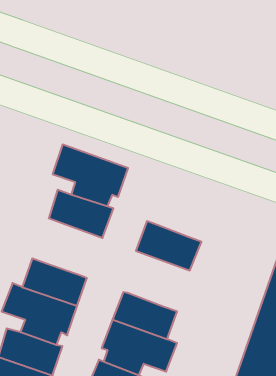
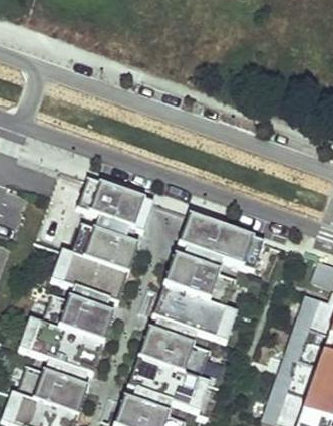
building: none -> [179,215,256,273]
building: none -> [53,251,129,313]
building: none -> [153,287,230,345]

